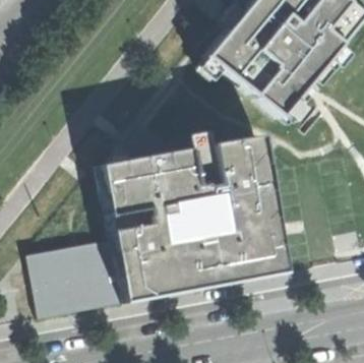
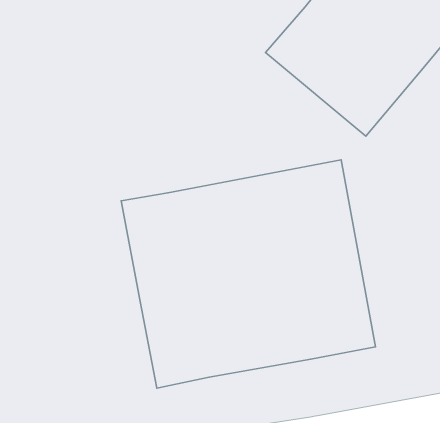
building: [32,240,127,319] -> none

